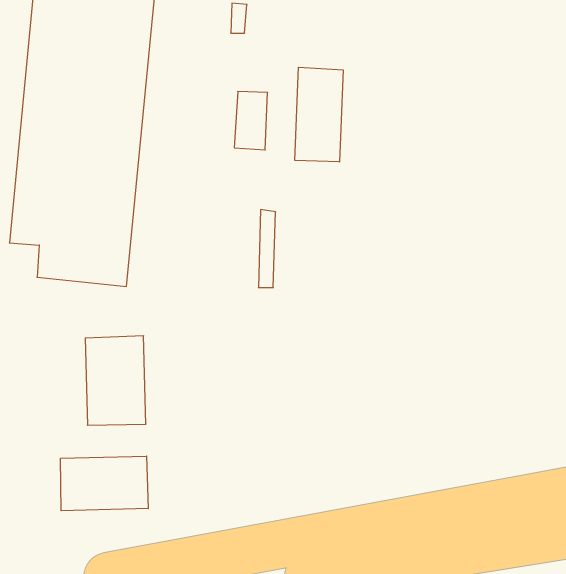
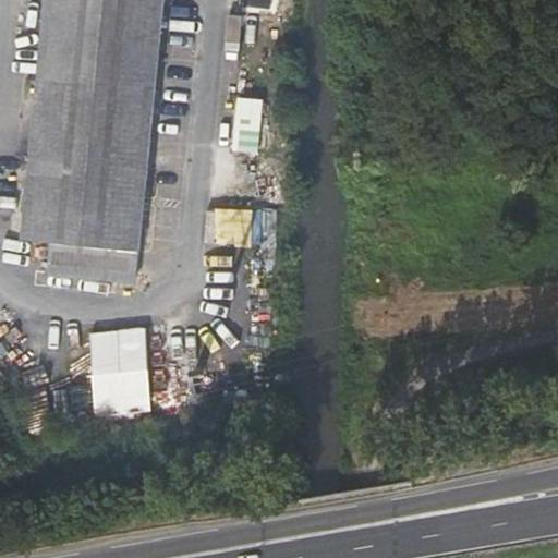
building: [295,67,343,162] -> none
building: [61,456,148,511] -> none

